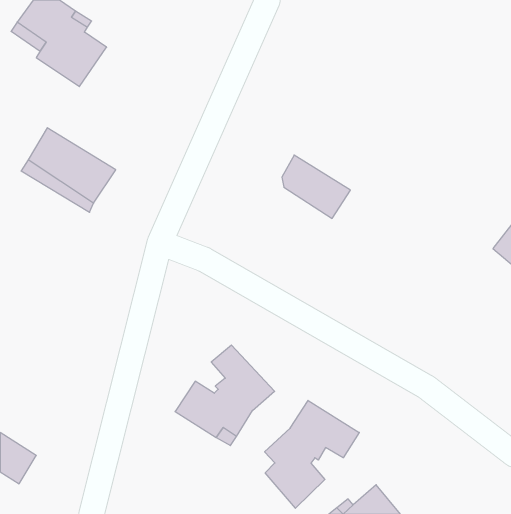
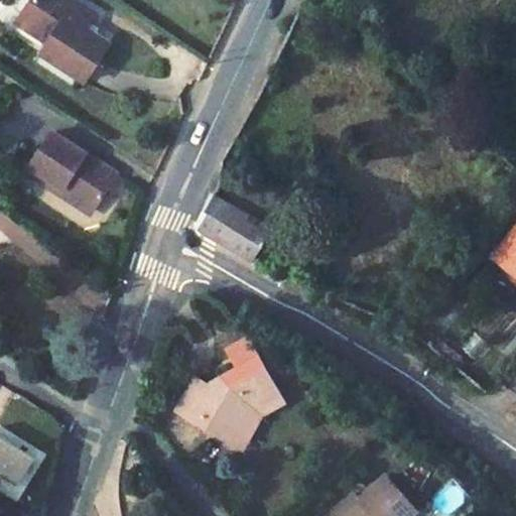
building: [282,155,350,218] -> [204,196,272,259]
building: [265,400,359,508] -> none

